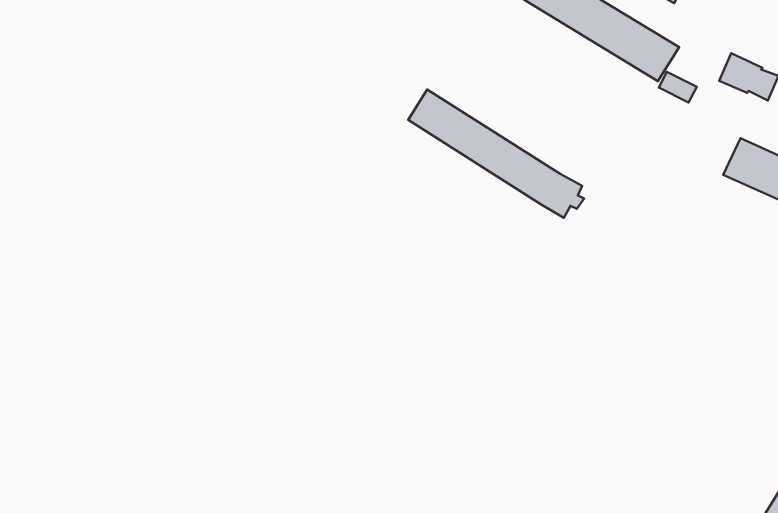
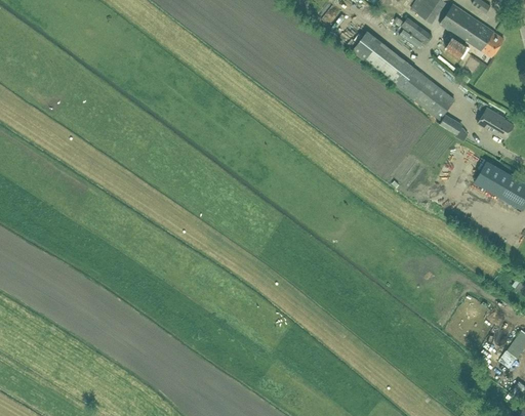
building: [408,89,584,218] -> none

